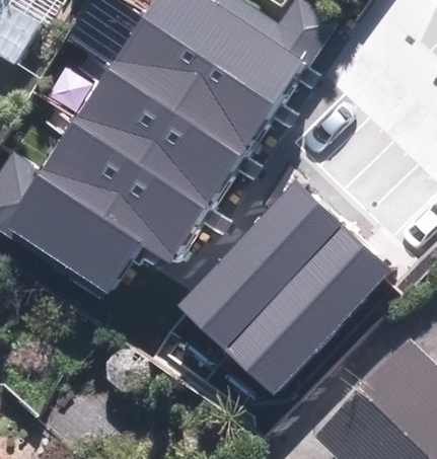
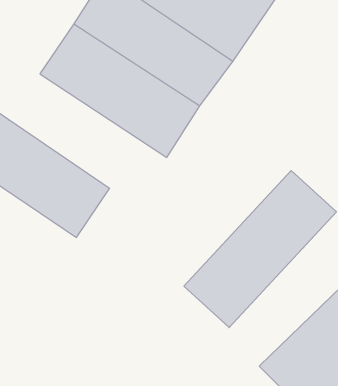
building: [39,121,209,262] -> none
building: [178,180,343,350] -> none

